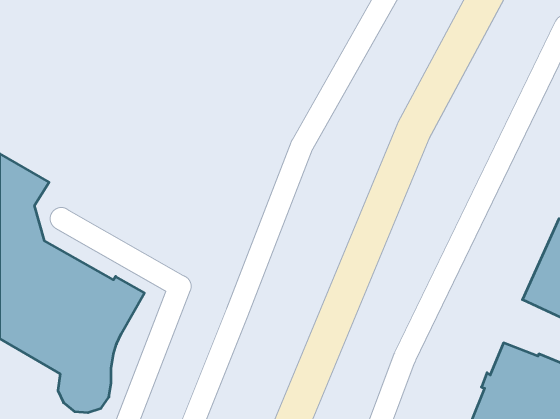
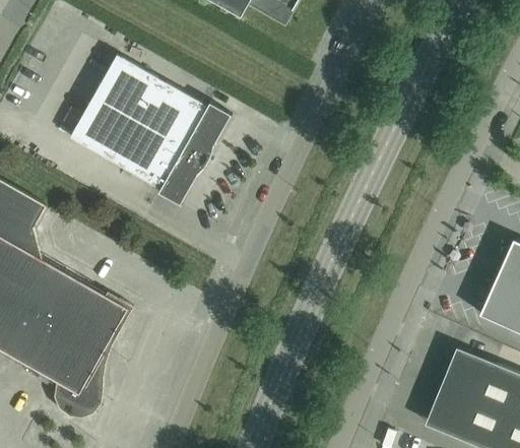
building: none -> [70,54,232,204]

